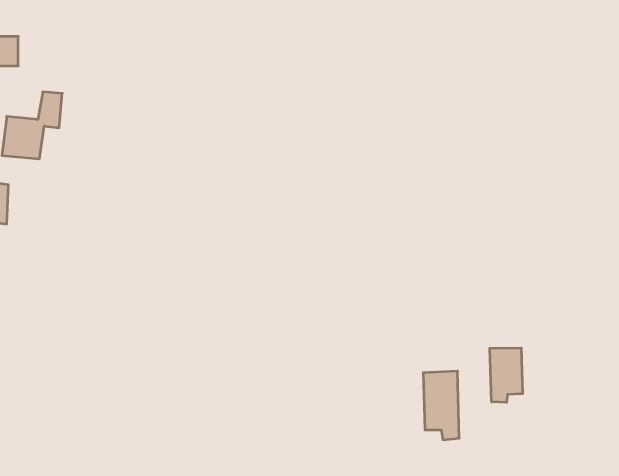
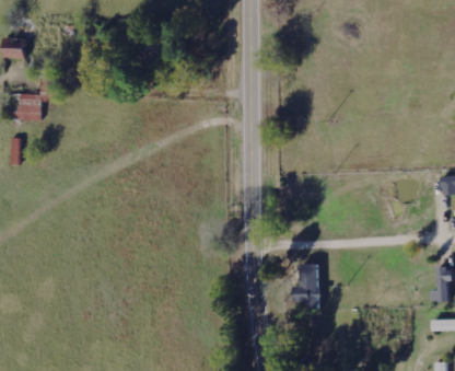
building: [490,348,523,402] -> none

